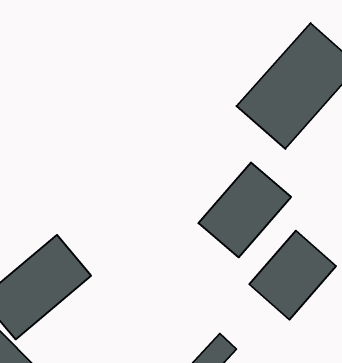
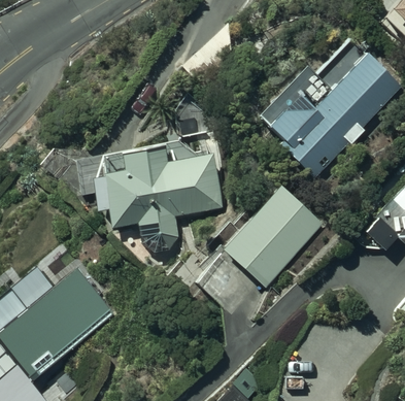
building: none -> [101,144,224,252]
building: [249,231,336,320] -> none

